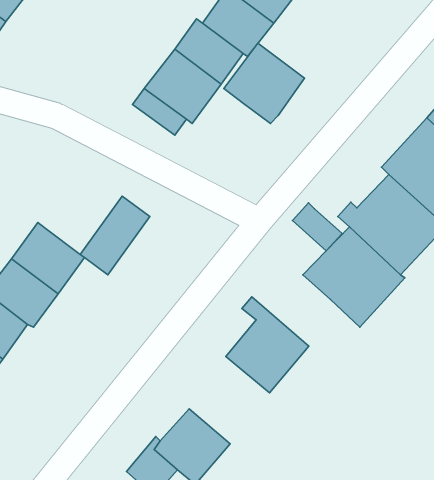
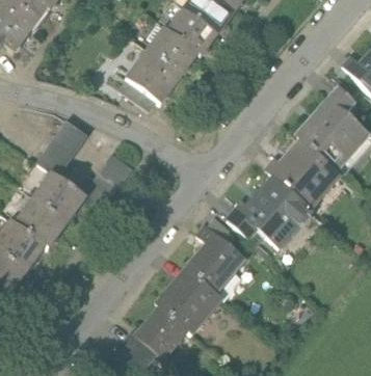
building: [224,43,304,123] -> none
building: none -> [36,118,88,176]
building: [293,203,342,251] -> [226,205,261,239]
building: none -> [156,267,223,332]

